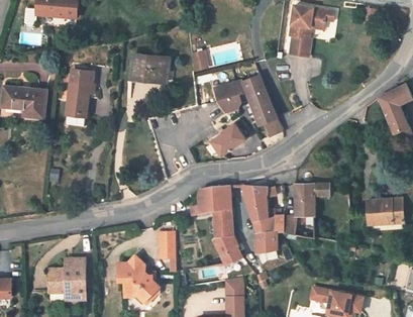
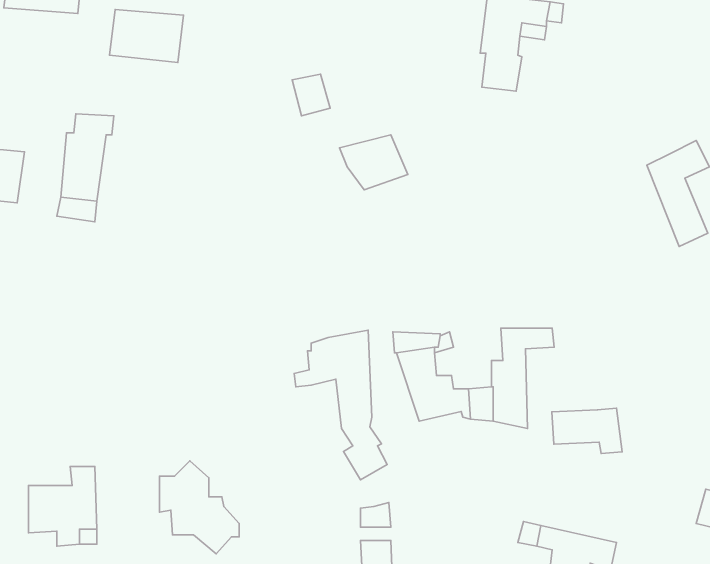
building: [129,54,169,82] -> [110,9,184,63]
building: [241,76,282,135] -> none
building: [211,123,244,154] -> none
building: [366,198,403,222] -> [552,408,622,454]
building: [254,230,278,252] -> none
building: [159,231,175,261] -> none

